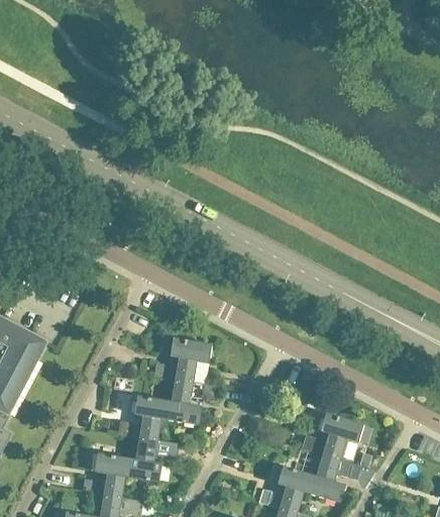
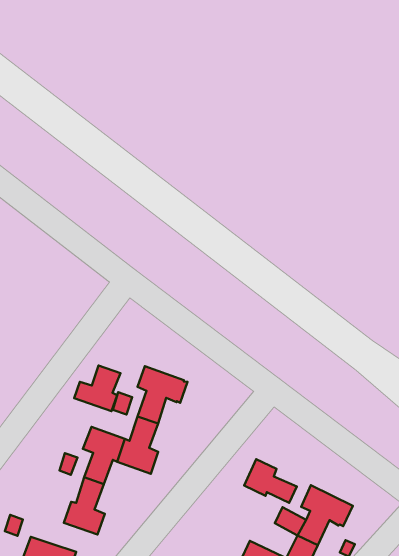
building: none -> [74,366,120,411]
building: none -> [244,459,297,503]
building: [98,454,131,497] -> none

